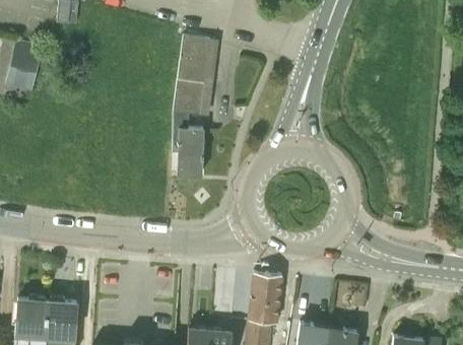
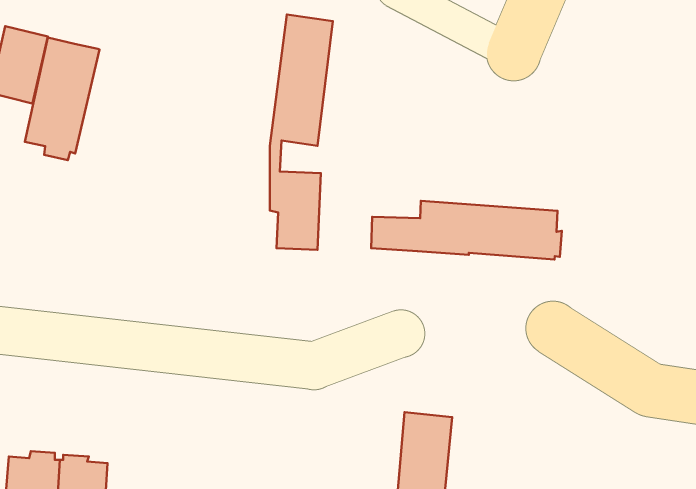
building: none -> [25,37,100,160]
building: none -> [371,201,562,260]

